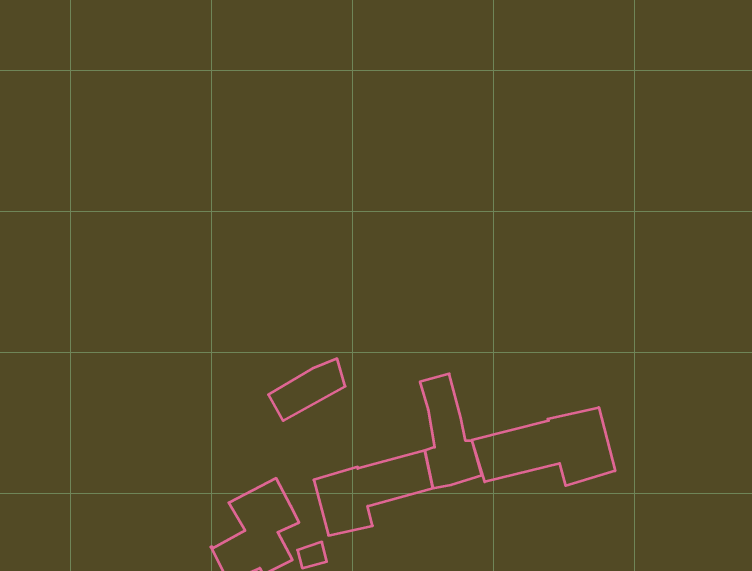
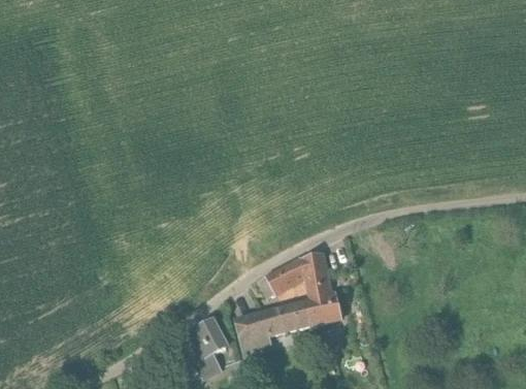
building: [268,359,345,421] -> [260,257,308,296]
building: [472,407,615,486] -> none

